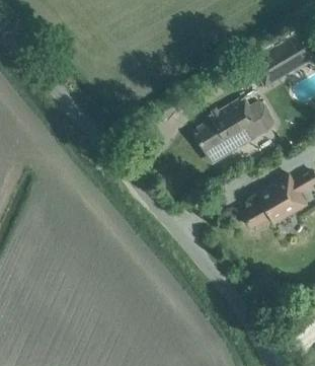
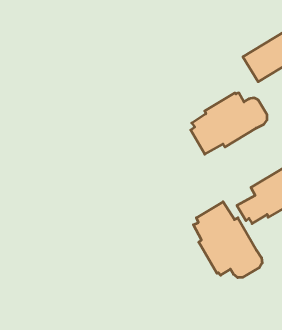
building: none -> [193,202,262,278]

